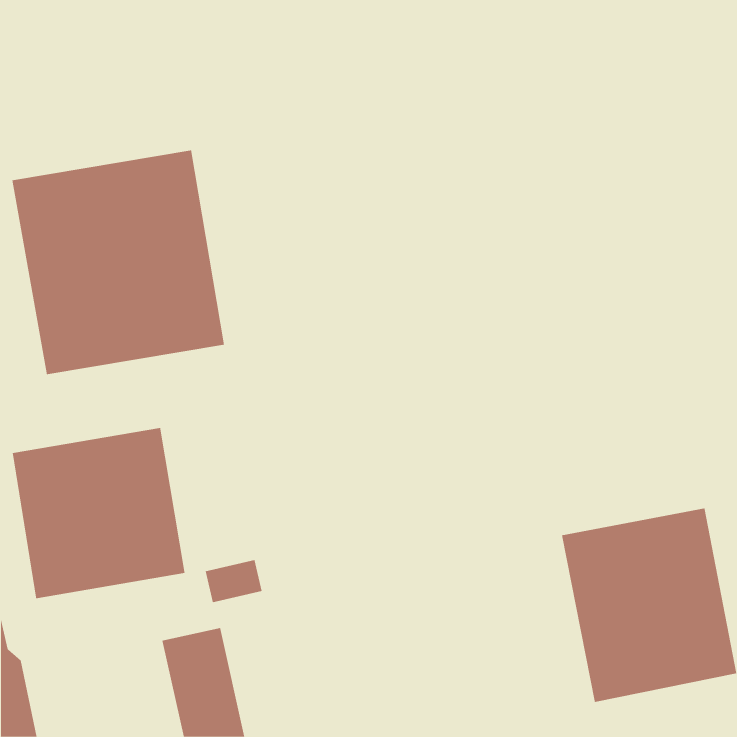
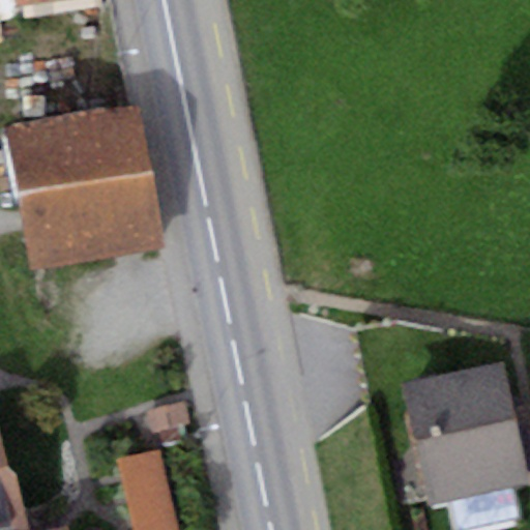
building: [12,427,185,599] -> none

